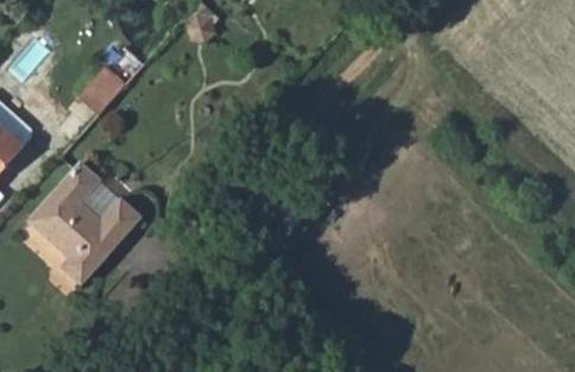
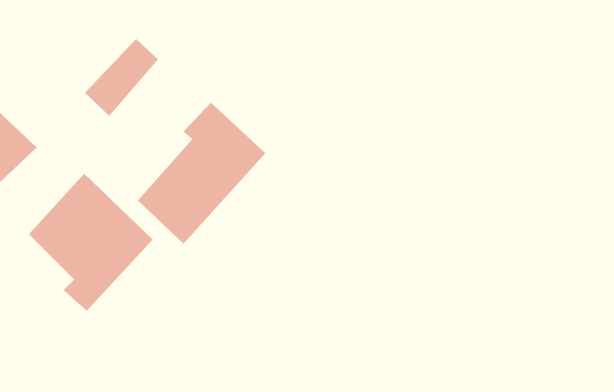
building: none -> [137,102,266,245]

